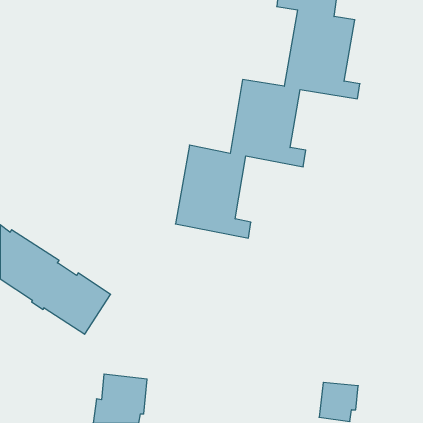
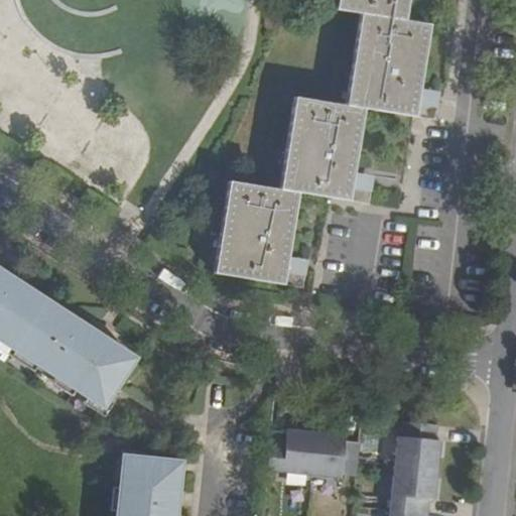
building: none -> [394,420,440,469]
building: none -> [266,428,359,481]

